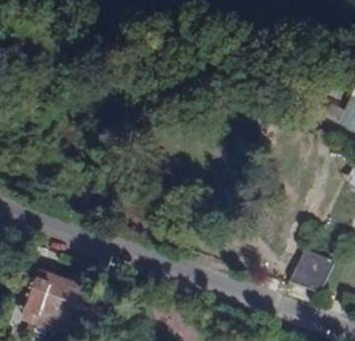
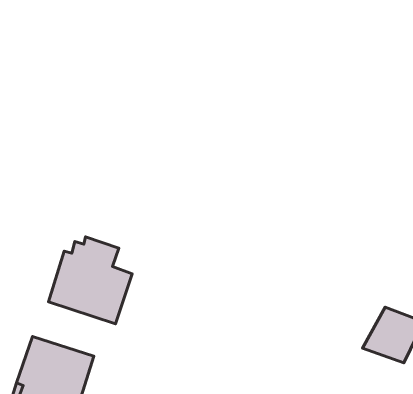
building: none -> [48,237,132,324]

